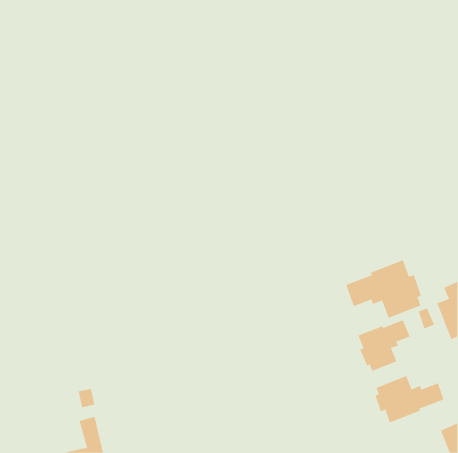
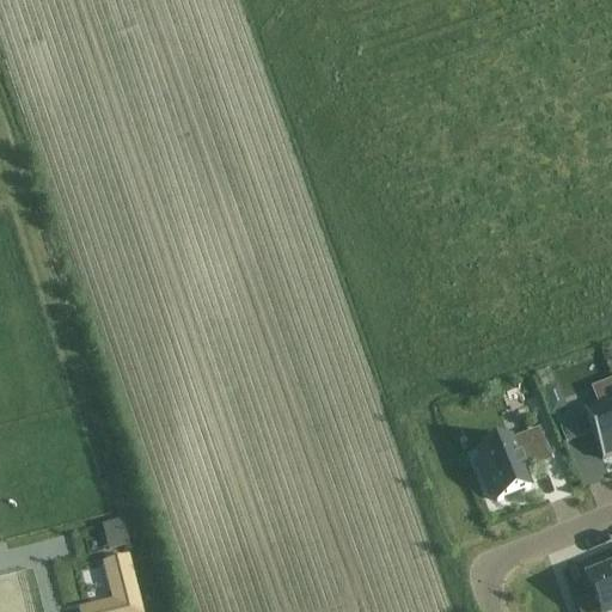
building: [345,259,421,319] -> none
building: [375,375,444,423] -> none

